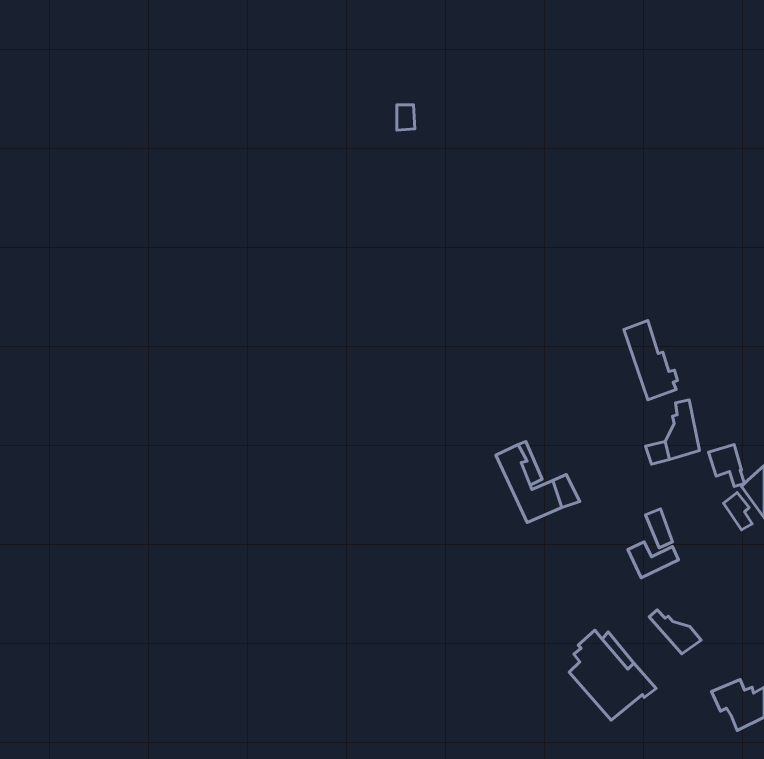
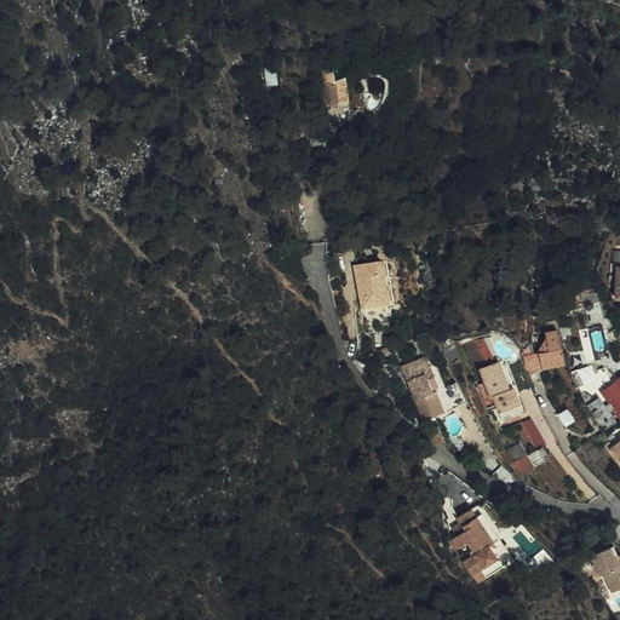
building: none -> [356,258,391,303]
building: [624,321,678,400] -> [473,361,517,425]
building: [649,610,701,654] -> none

